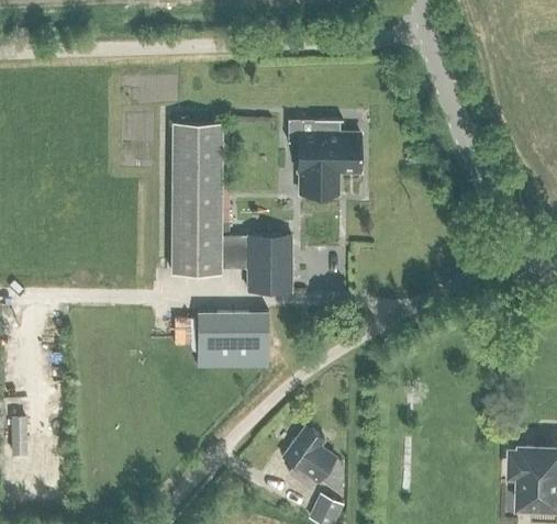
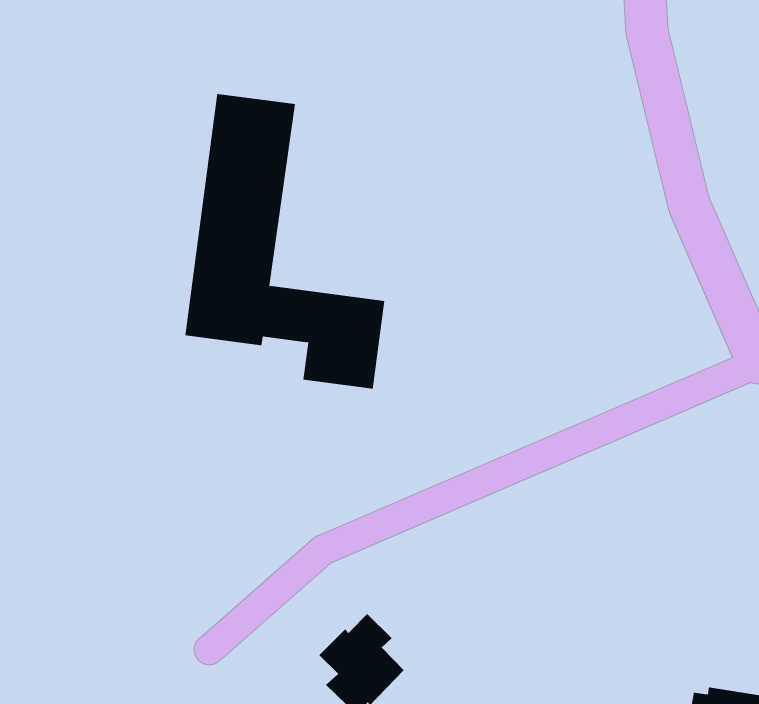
building: [299,120,360,194] -> none
building: [198,313,269,367] -> none

